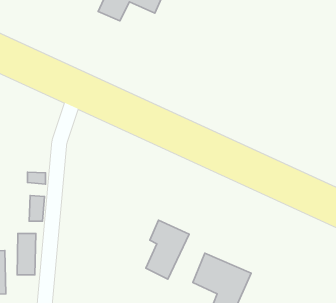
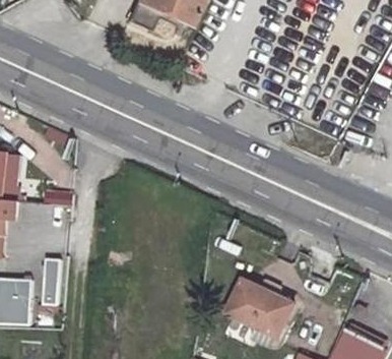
building: [146,220,189,279] -> none

